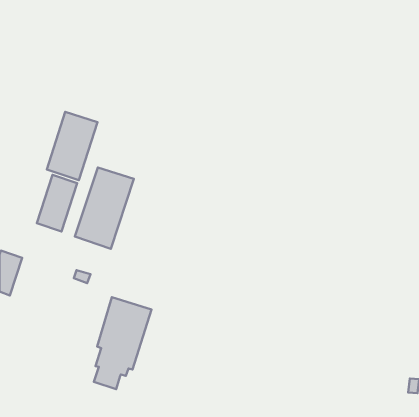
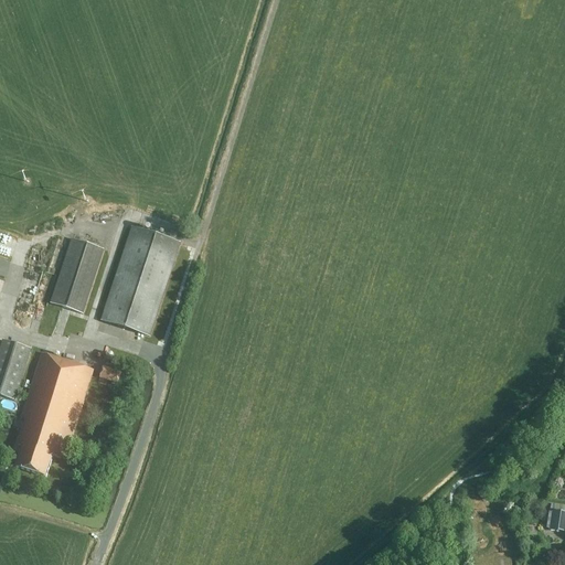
building: [47,112,98,180] -> none
building: [94,297,151,389] -> [15,350,93,473]

